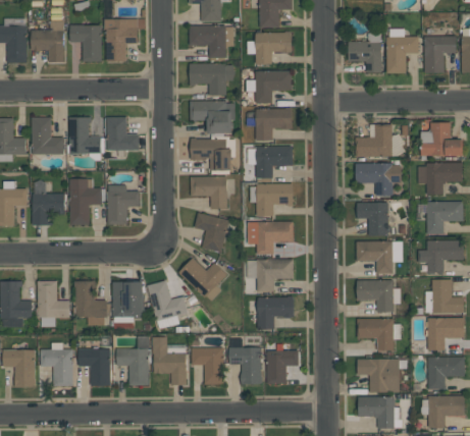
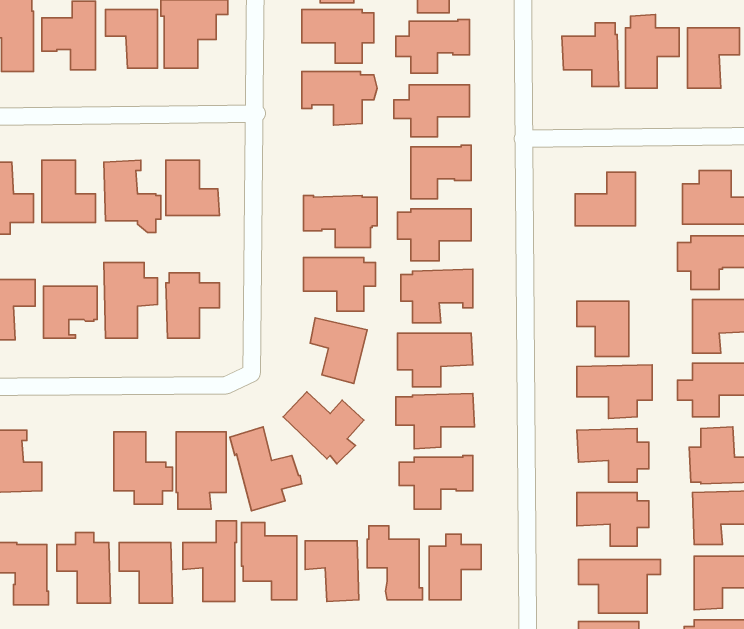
building: [191,101,234,134] -> none
building: [356,163,402,196] -> none
building: [38,281,70,327] -> none

